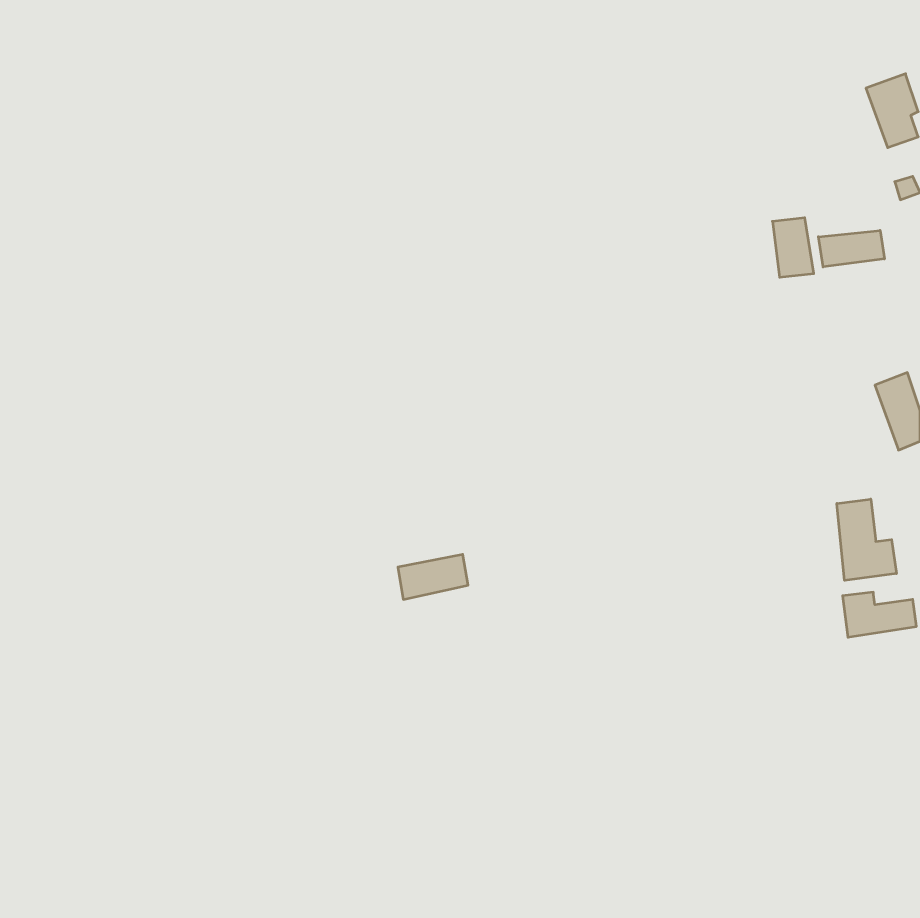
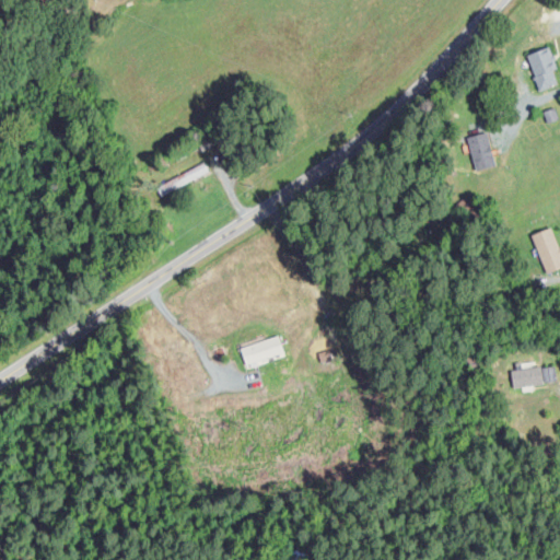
building: [818,230,884,267] -> none
building: [837,499,896,580] -> none

